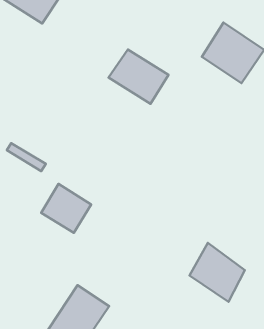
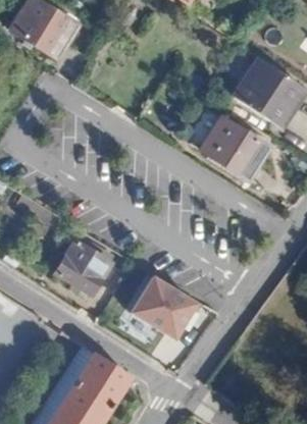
building: [109,50,169,104] -> [200,115,267,176]
building: [190,243,245,302] -> [126,275,189,341]

